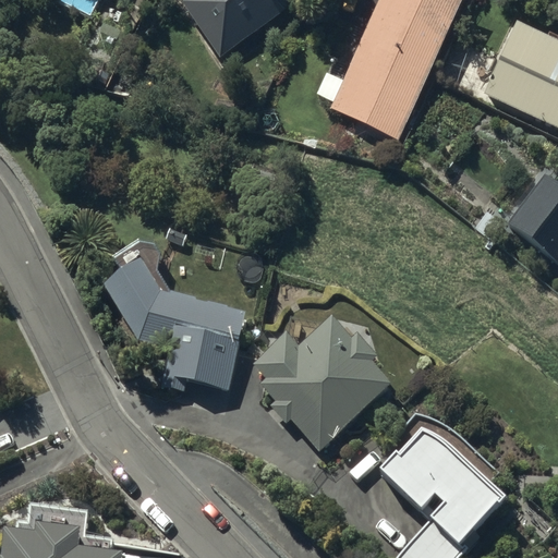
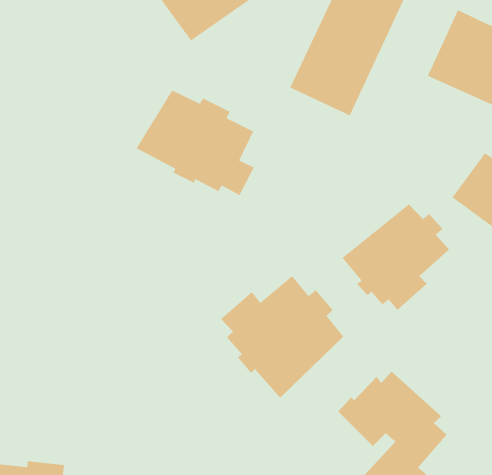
building: none -> [136,90,255,196]
building: none -> [341,204,450,311]
building: [102,264,246,397] -> none

